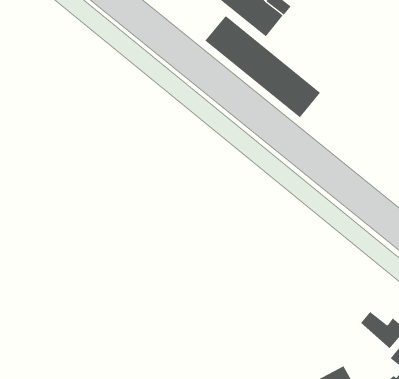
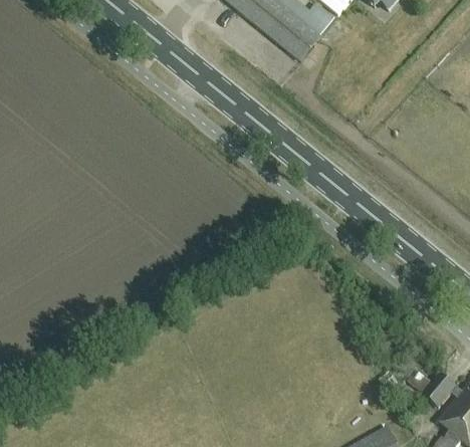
building: [205,15,321,118] -> none

